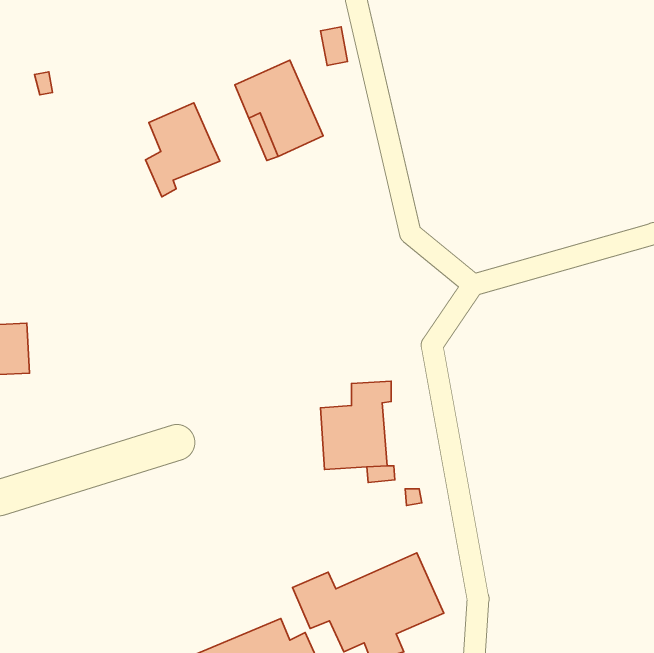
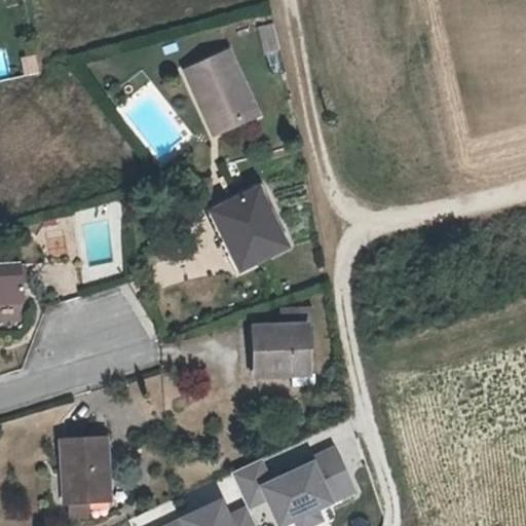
building: [145,103,220,197] -> none
building: none -> [220,189,285,269]
building: none -> [61,440,107,504]

